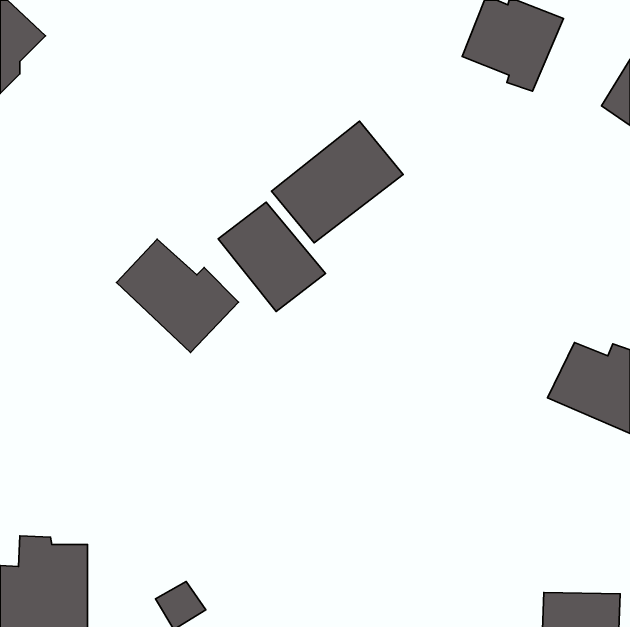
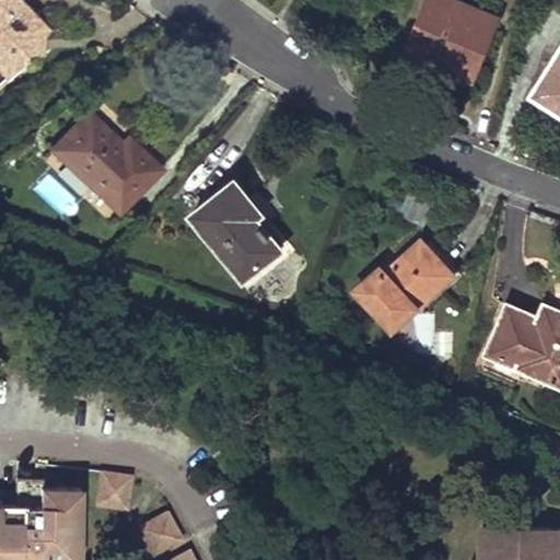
building: [272,121,403,243] -> none
building: [117,239,239,353] -> [51,110,160,211]
building: none -> [359,242,454,328]
building: none -> [92,476,127,513]

